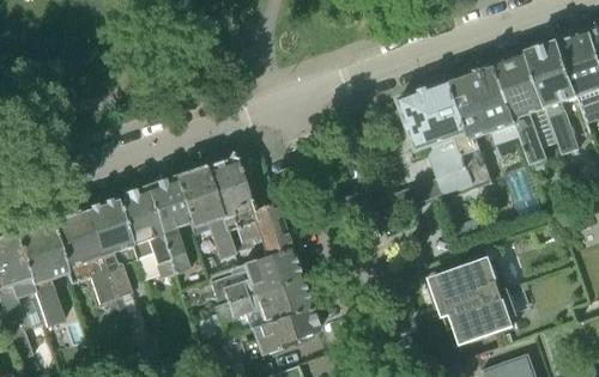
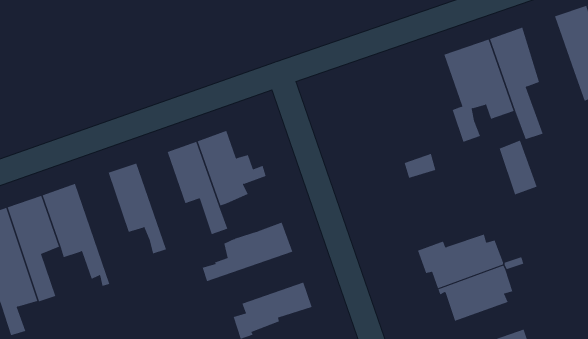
building: [528,41,581,153] -> none
building: [398,79,474,188] -> none
building: [144,176,193,273] -> none
building: [83,196,137,316] -> none
building: [234,200,289,255] -> none
building: [213,275,310,327] -> none

